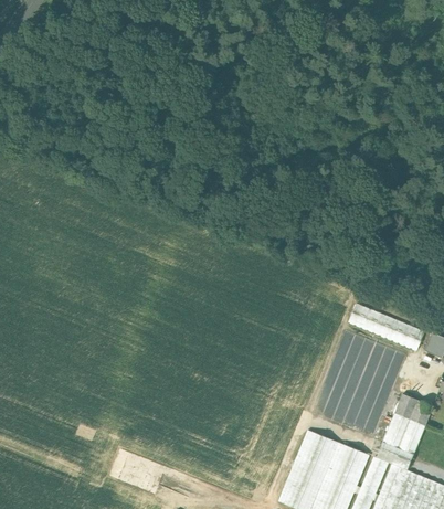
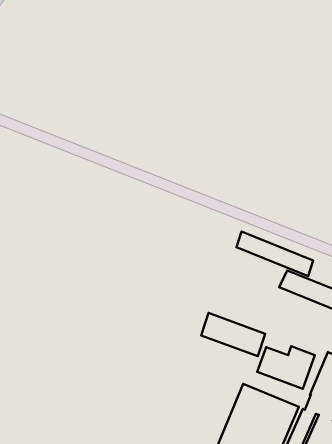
building: none -> [236,232,313,276]
building: none -> [201,313,265,356]

